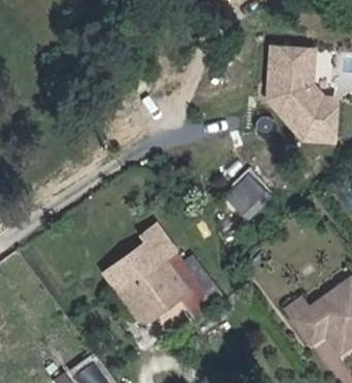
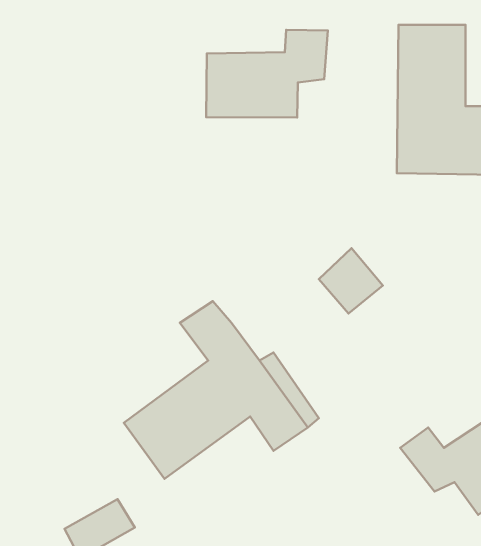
building: none -> [206,30,328,118]

